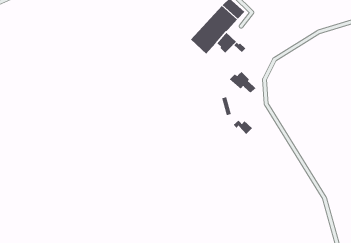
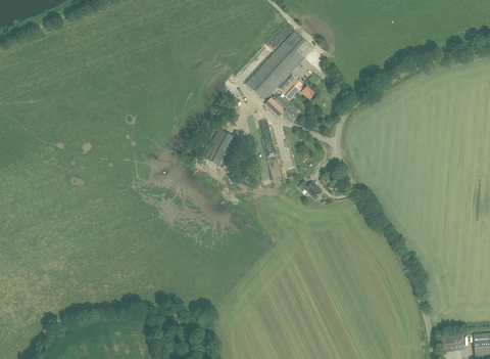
building: [229,71,256,94] -> [264,94,298,122]
building: none -> [204,129,237,166]

